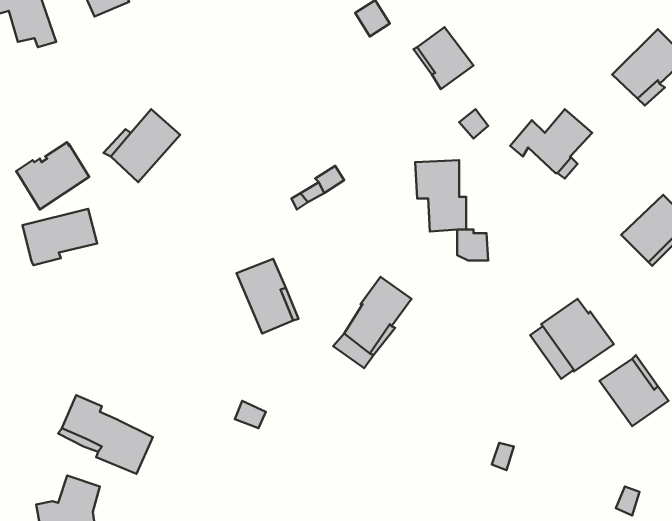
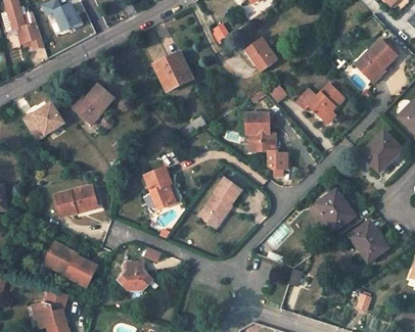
building: none -> [155,52,191,90]
building: [23,209,97,265] -> [56,185,98,217]
building: none -> [118,263,154,291]

